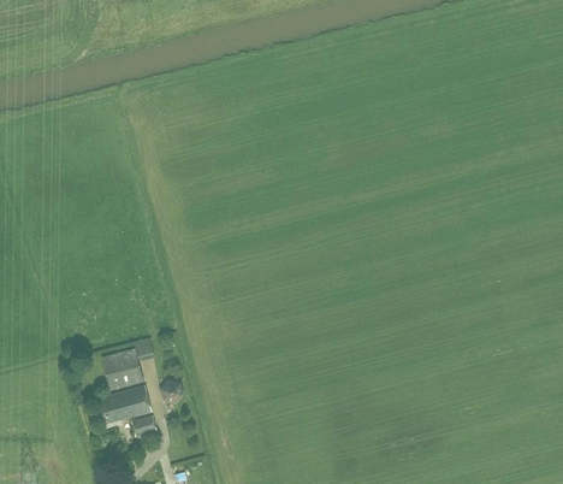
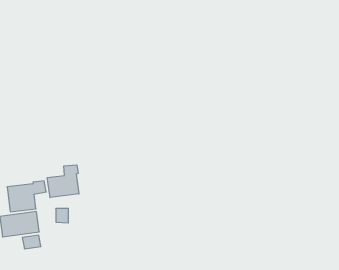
building: none -> [47,165,79,198]

